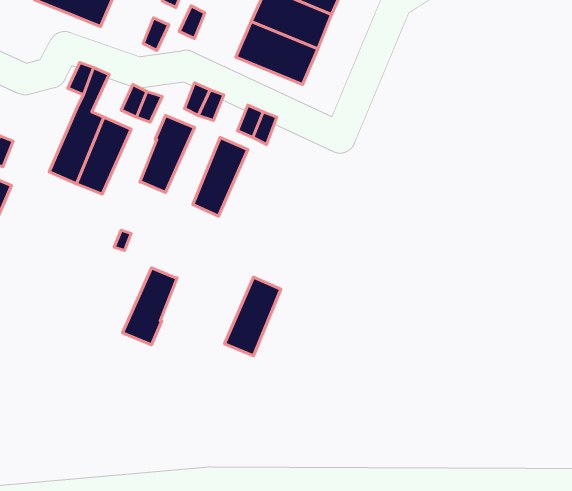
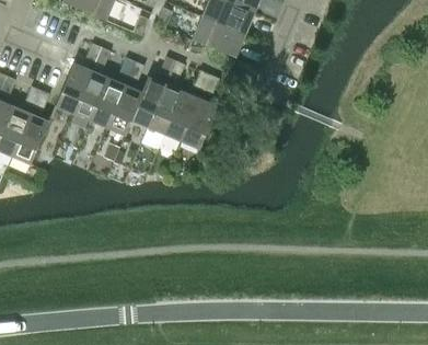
building: none -> [55,62,91,113]
building: none -> [147,84,182,134]
building: [122,268,177,345] -> [106,85,141,135]
building: [224,277,281,356] -> [181,99,217,149]

